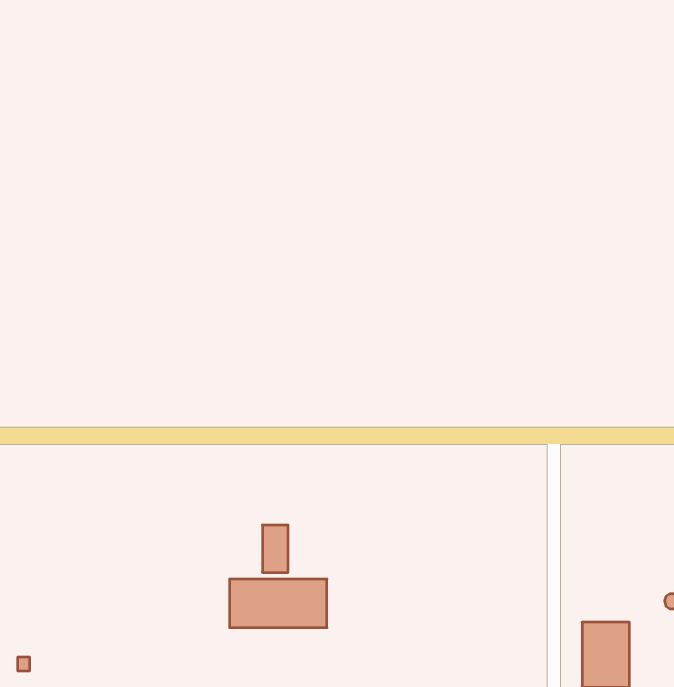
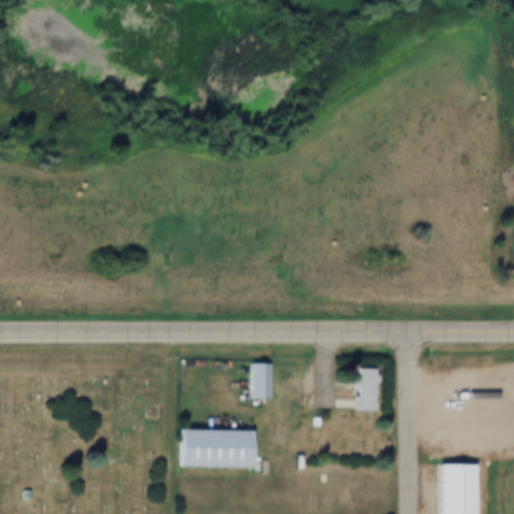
building: none -> [339,368,376,411]
building: [262,525,288,572] -> [251,363,270,399]

